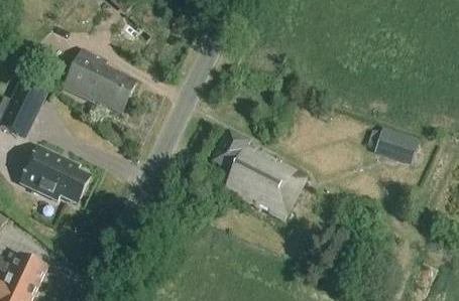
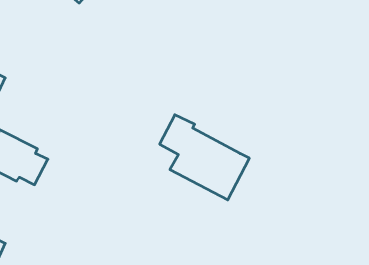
building: [63,49,135,110] -> none
building: [366,126,419,162] -> none

